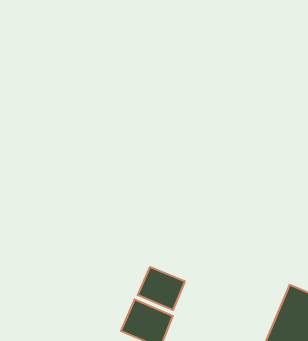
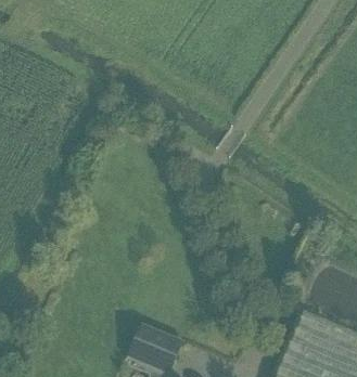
building: [138,267,185,310] -> none

